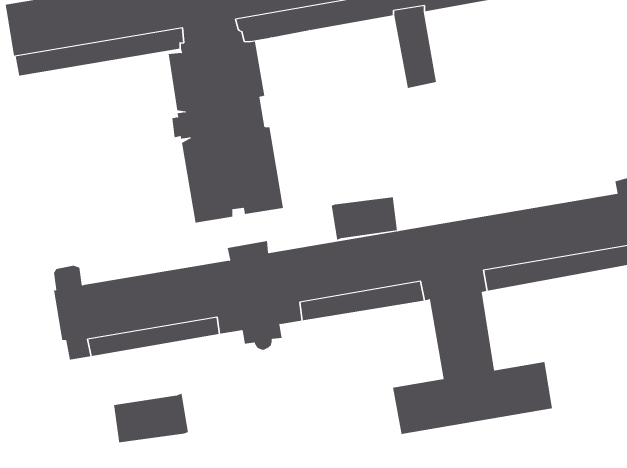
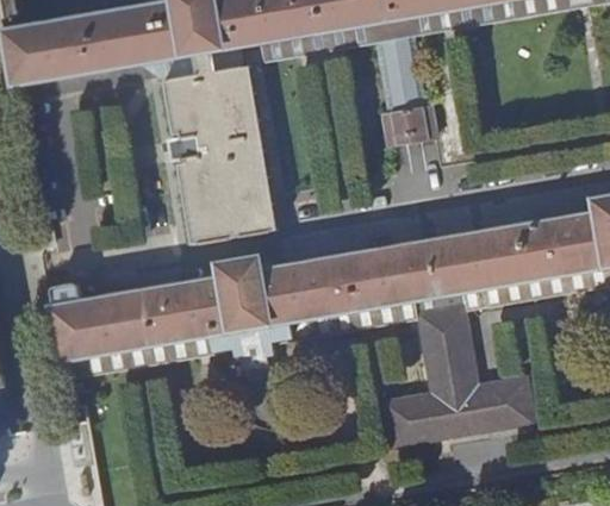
building: none -> [382,102,432,142]
building: [331,196,398,241] -> none
building: [113,393,189,443] -> none

